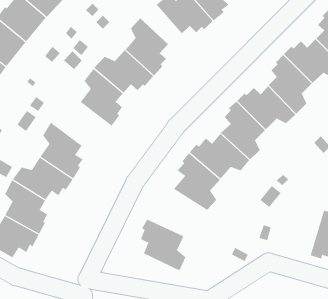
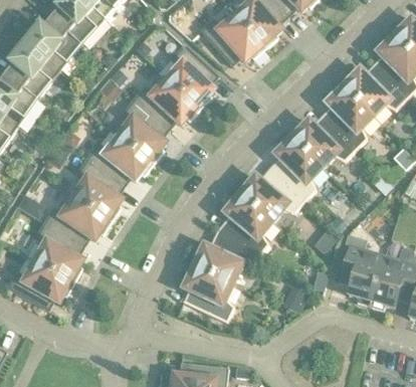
building: none -> [84,136,152,184]
building: none -> [190,231,256,283]
building: none -> [338,236,384,305]

